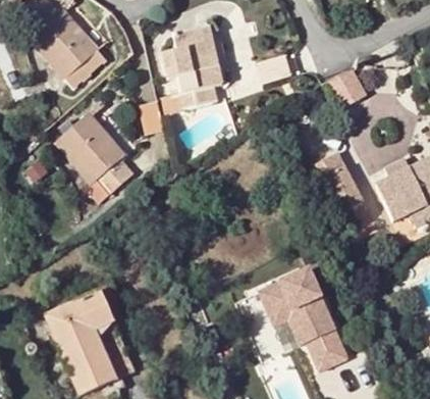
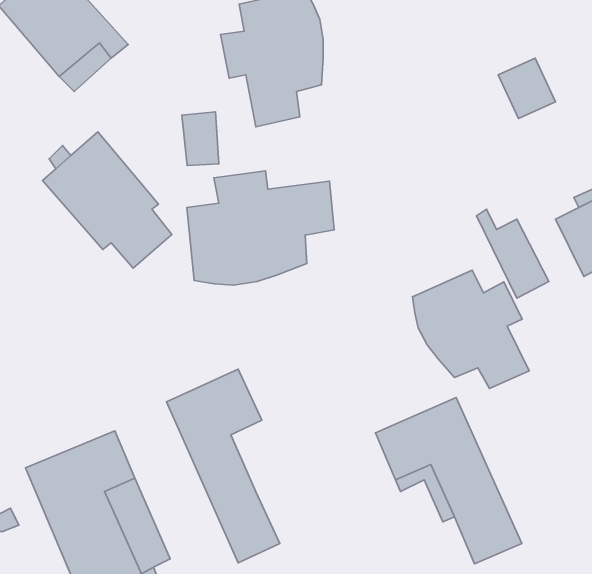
building: none -> [187,171,334,285]
building: none -> [413,270,529,389]
building: none -> [167,369,280,563]

